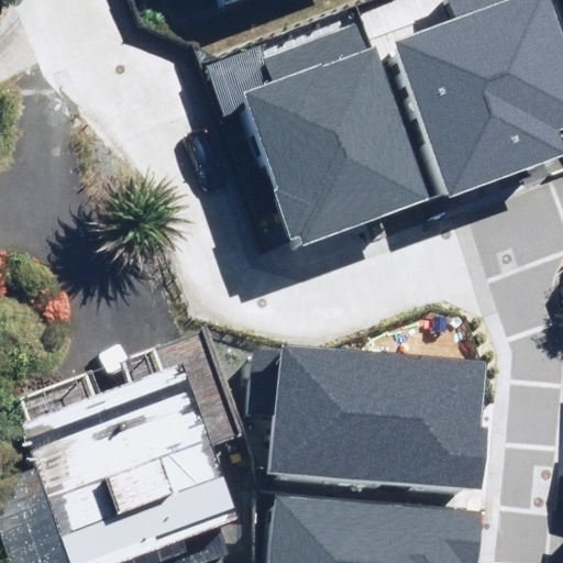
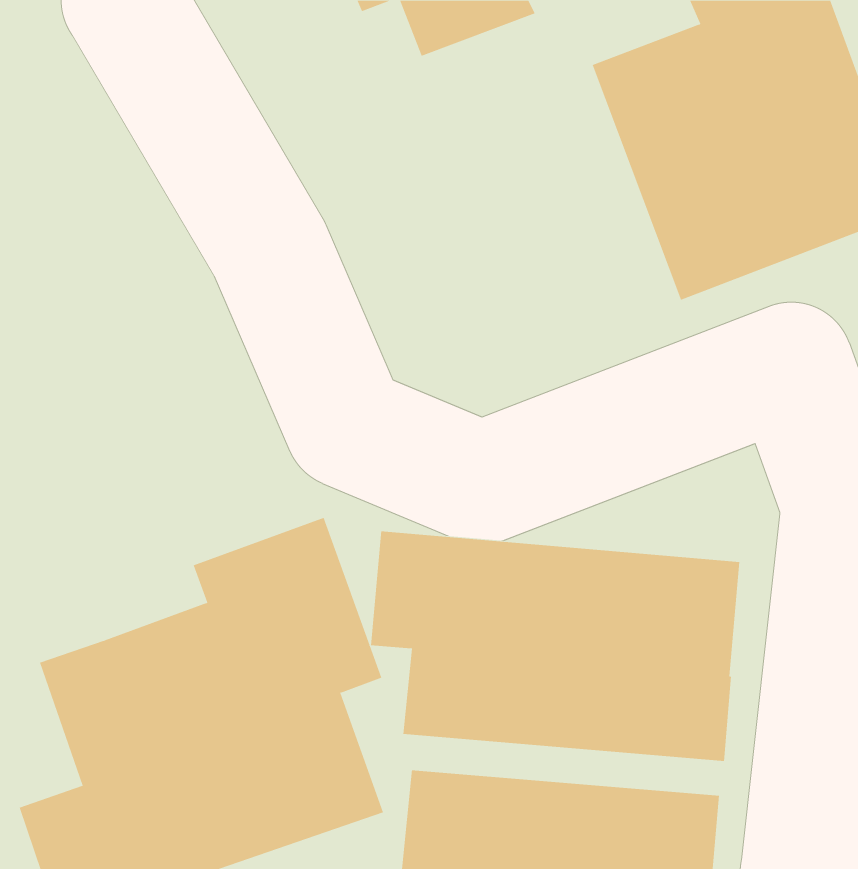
building: [240,46,423,245] -> none

